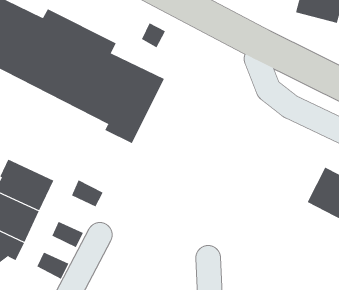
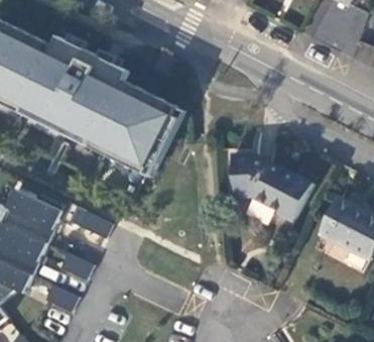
building: none -> [232,153,314,222]

